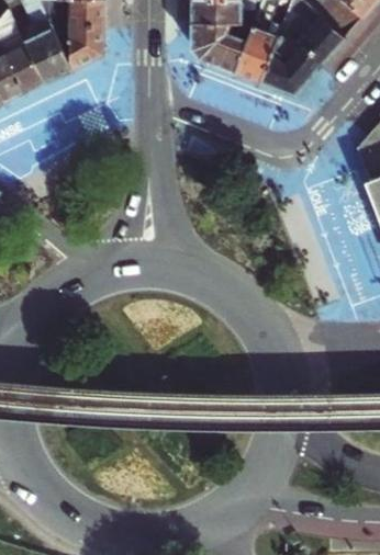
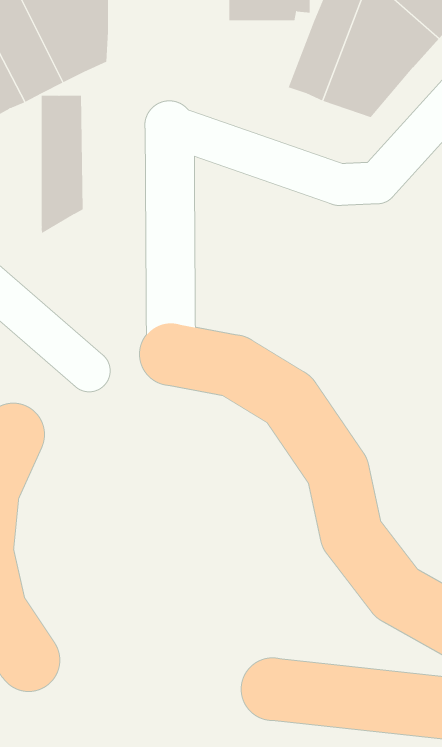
building: [188,25,250,73] -> none
building: none -> [41,95,83,234]

